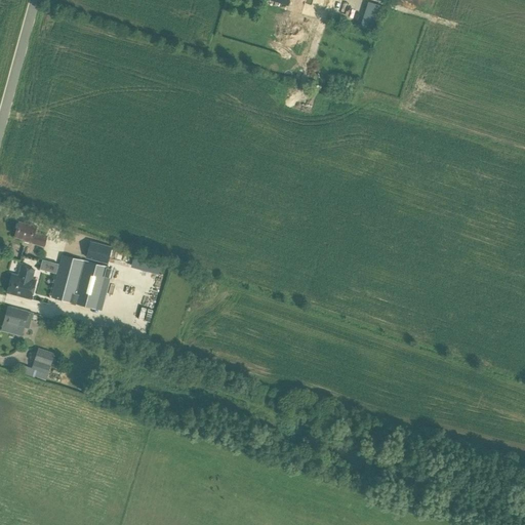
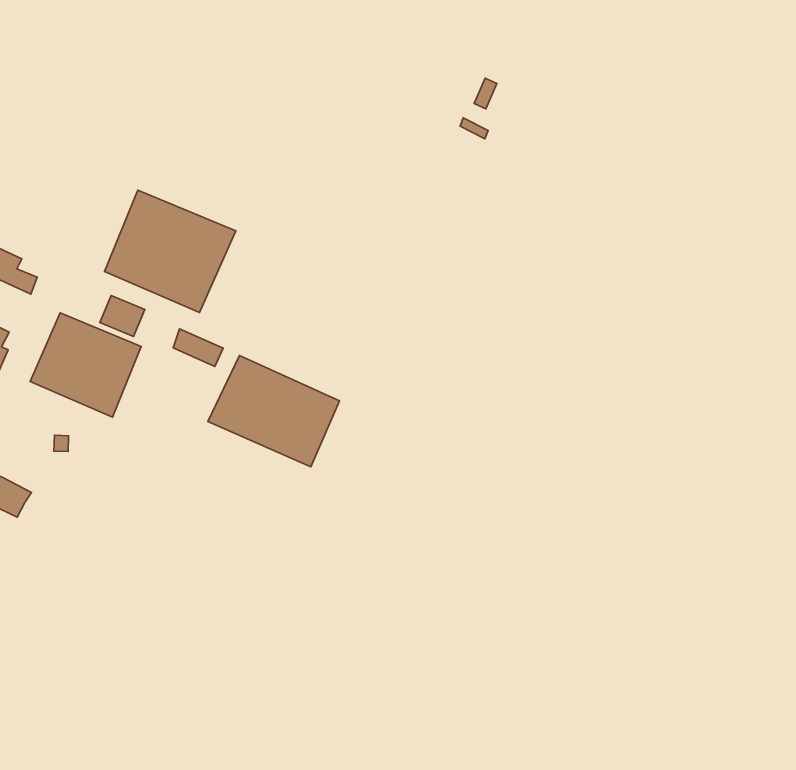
building: none -> [104,190,236,313]
building: none -> [208,356,339,467]

